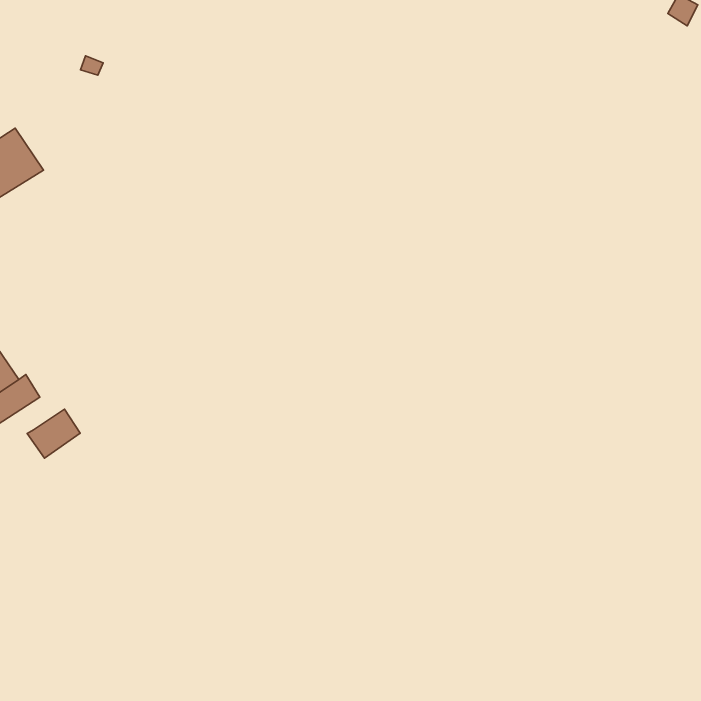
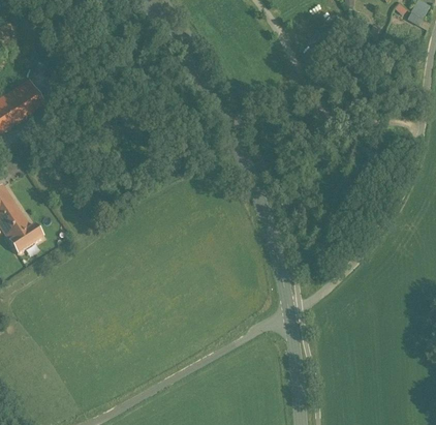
building: [27,409,80,458] -> none

